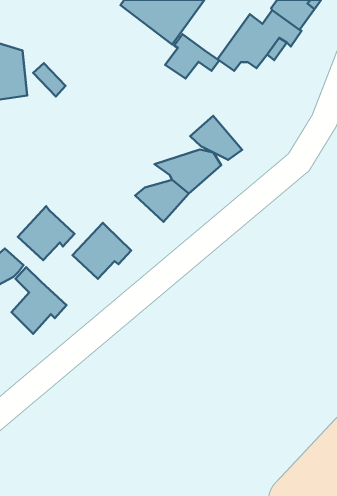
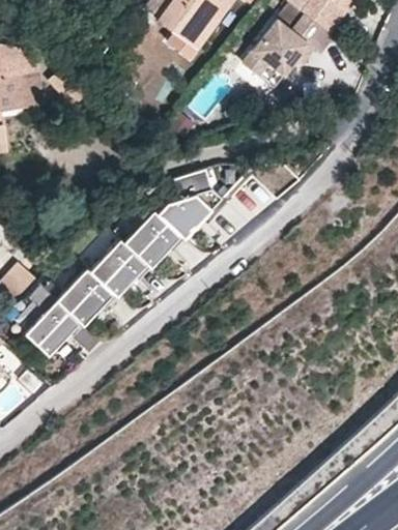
building: [165,34,219,79] -> none
building: [190,116,242,160] -> none
building: none -> [123,209,184,267]
building: [18,206,75,260] -> [55,268,115,325]

